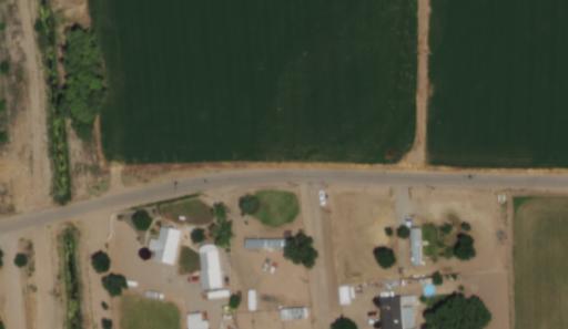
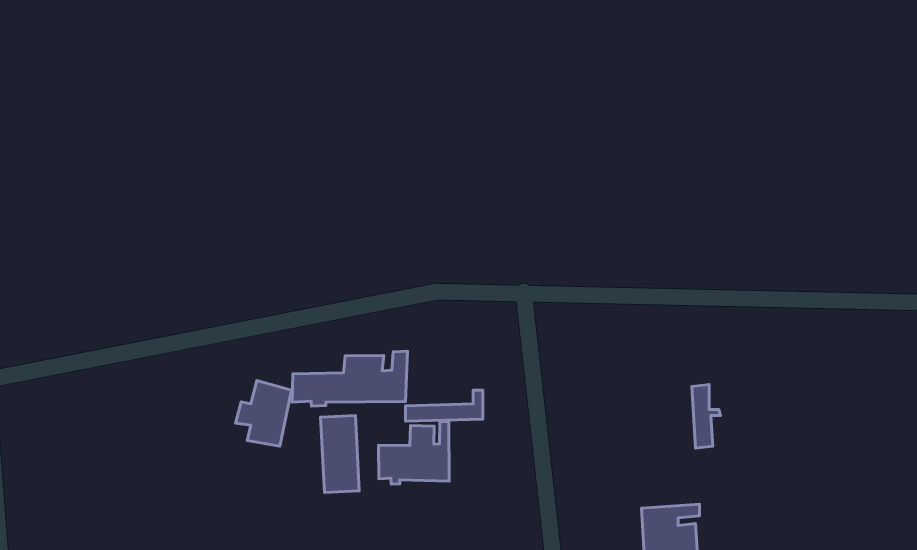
building: none -> [292,351,408,406]
building: none -> [379,421,449,484]

